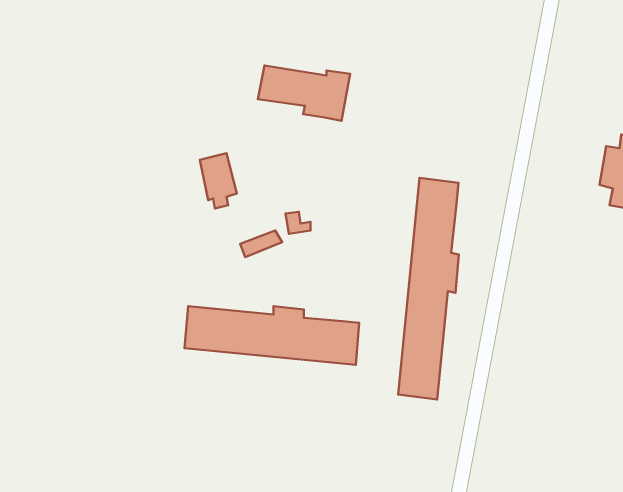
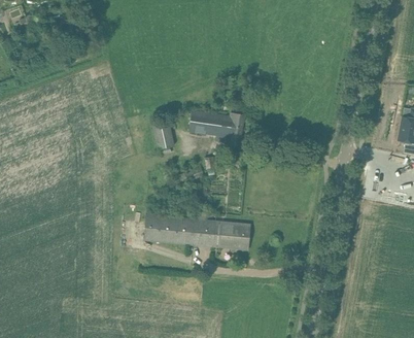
building: [258,65,350,121] -> [187,109,244,143]
building: [398,178,459,399] -> none

